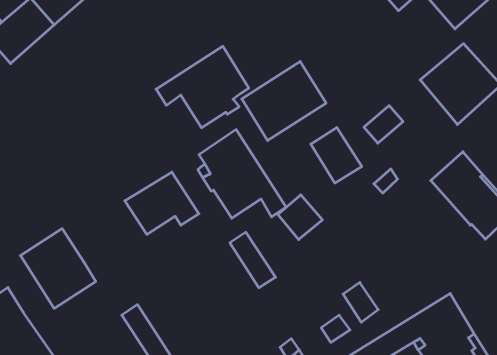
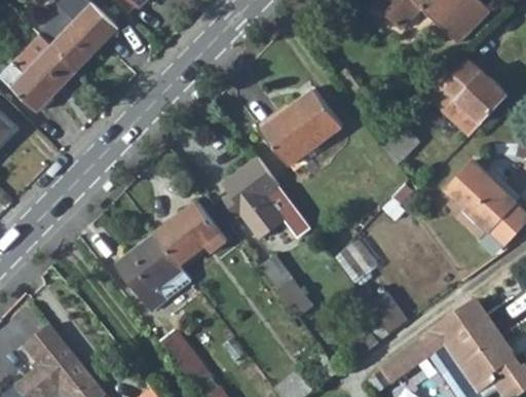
building: [156,46,249,128] -> none
building: [311,127,362,183] -> none
building: [278,195,322,240] -> [337,236,380,279]
building: [20,229,96,308] -> [117,232,191,310]

